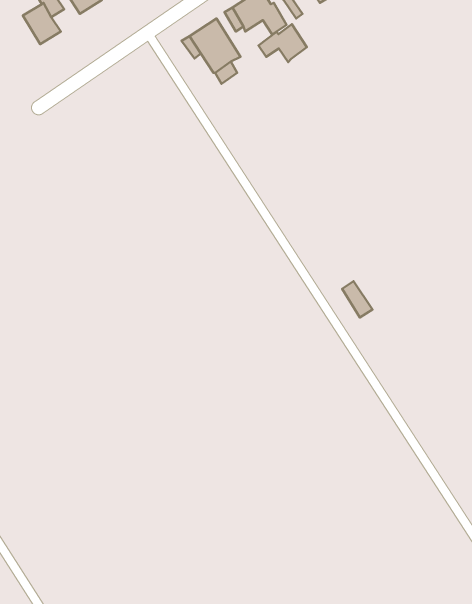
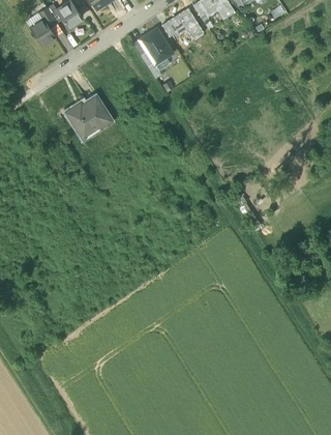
building: [258,24,307,62] -> none
building: none -> [66,95,112,137]

